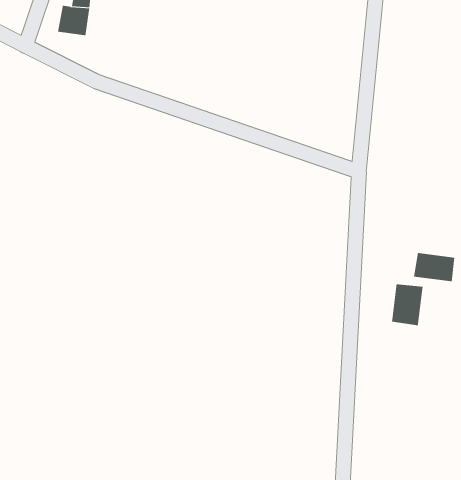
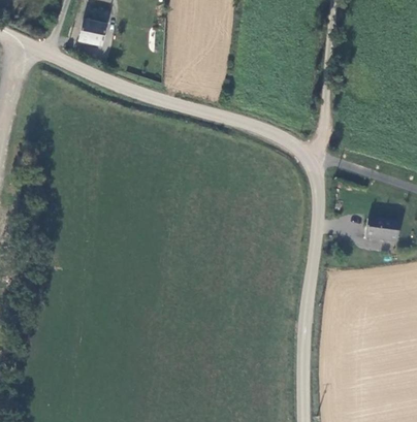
building: [391,283,423,326] -> none

